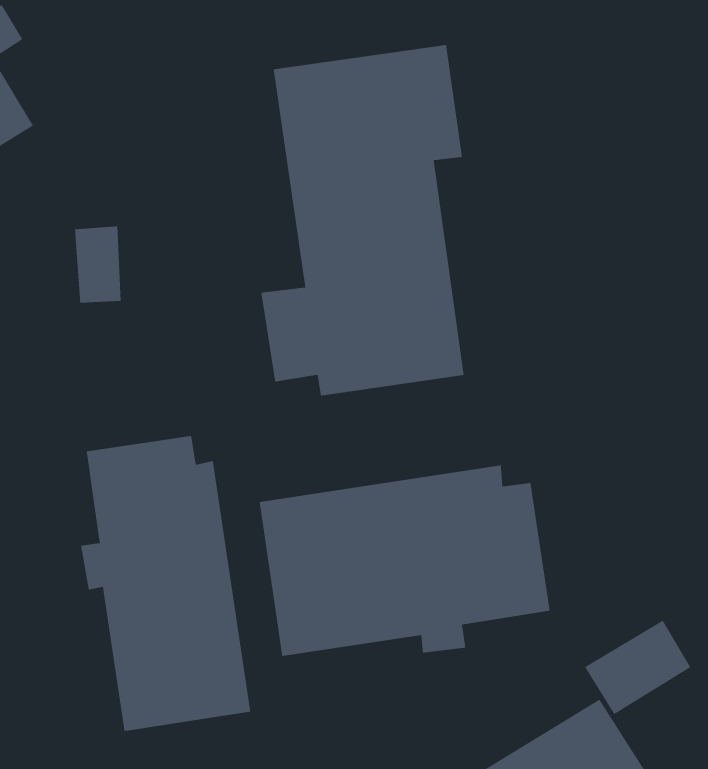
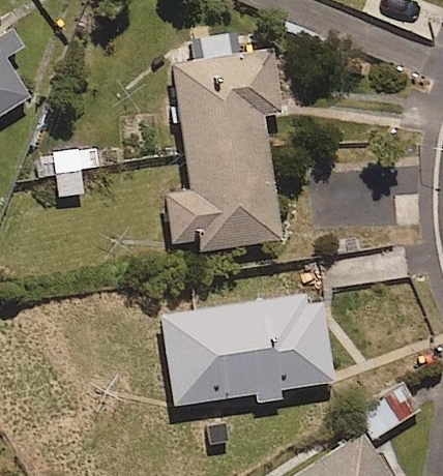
building: [80,435,251,732] -> none

